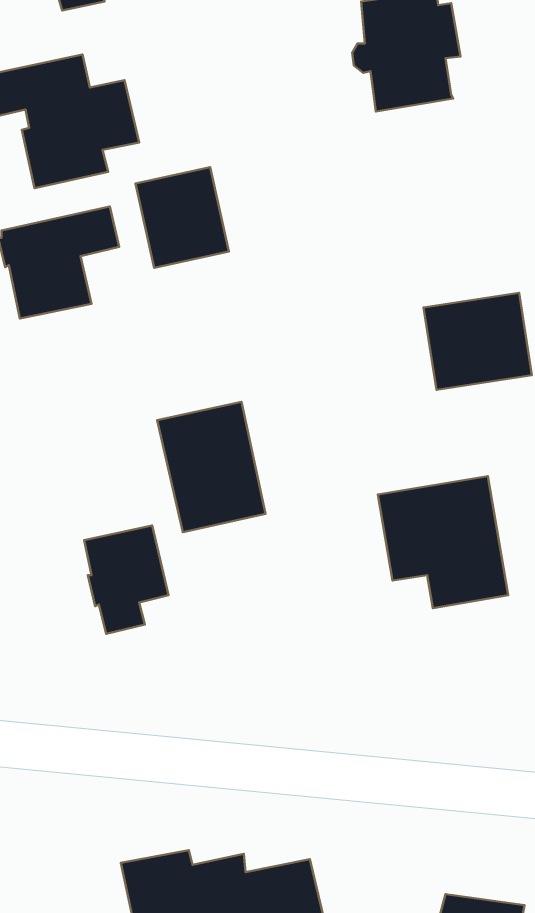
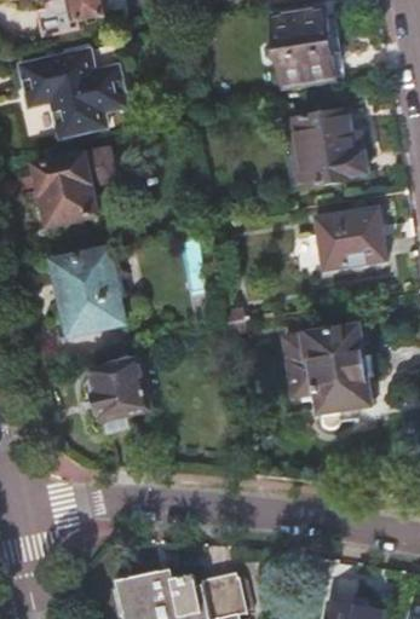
building: none -> [286,111,366,186]
building: [136,167,229,268] -> none
building: [157,402,265,532] -> [52,249,123,335]

